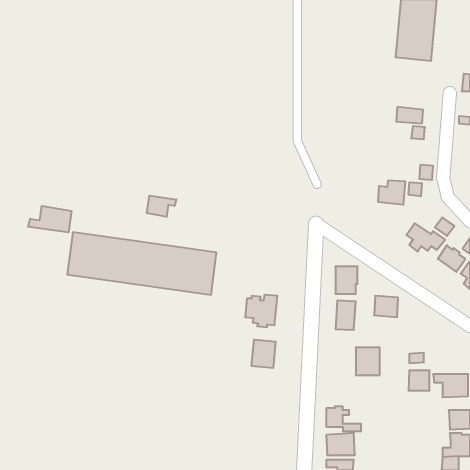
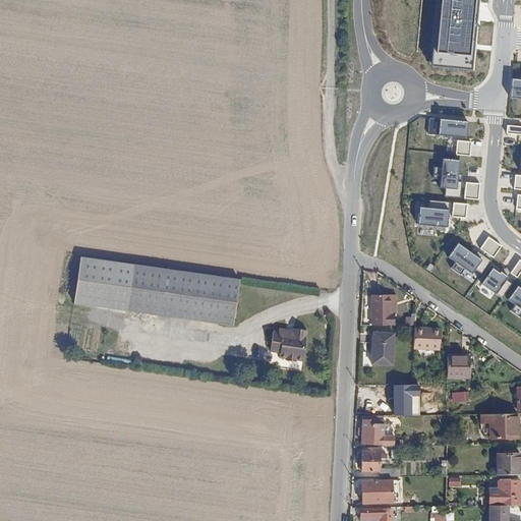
building: none -> [432,158,461,197]
building: [147,196,176,217] -> none
building: [28,206,71,232] -> none
building: [252,340,276,368] -> none
building: [408,370,430,391] -> [446,354,469,377]
building: none -> [358,414,393,444]

